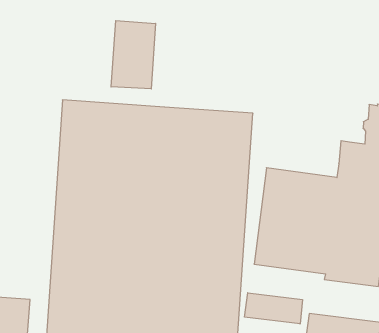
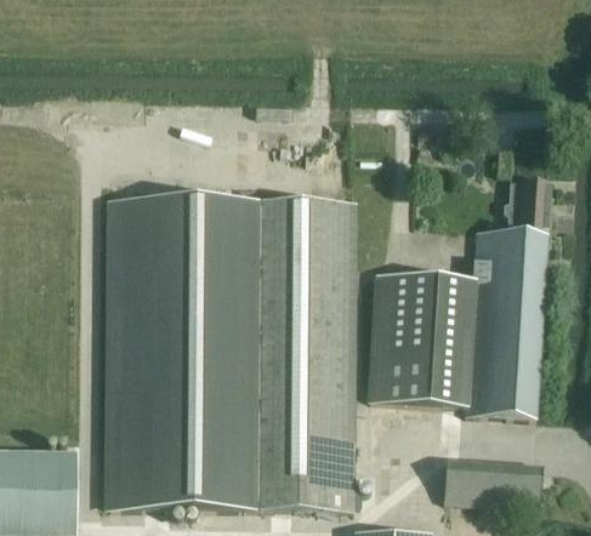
building: [111,21,156,89] -> none
building: [245,293,302,324] -> none

